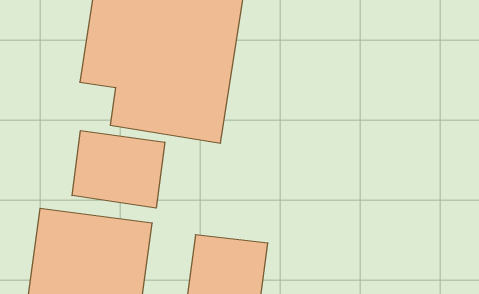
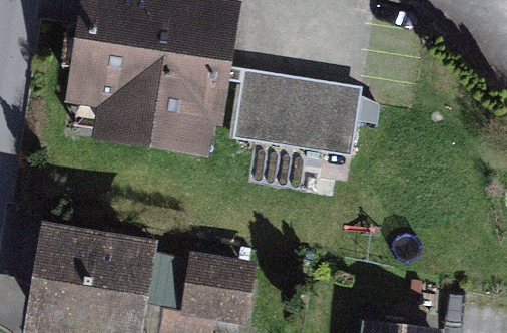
building: none -> [231,59,365,147]
building: [72,131,165,208] -> none

